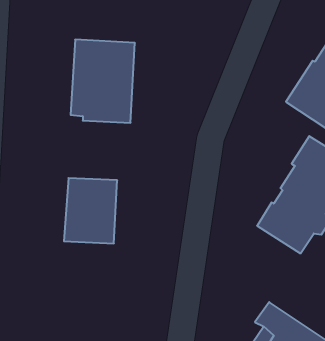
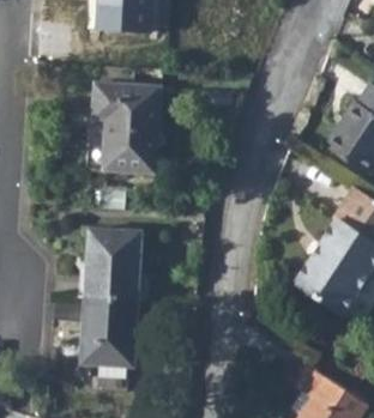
building: none -> [83,299,138,369]

